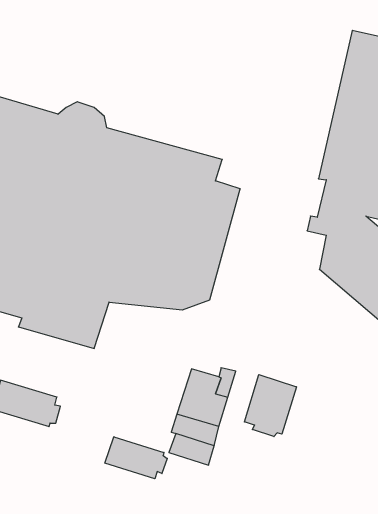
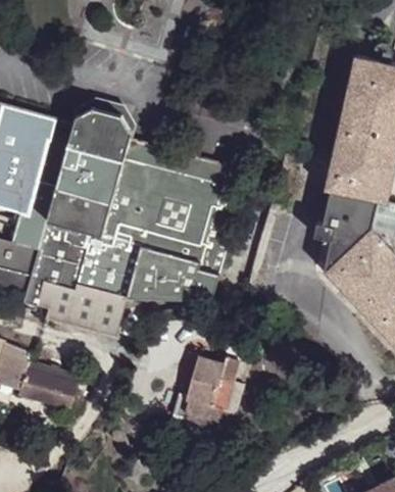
building: [244,375,296,437] -> none
building: [105,437,167,479] -> none

